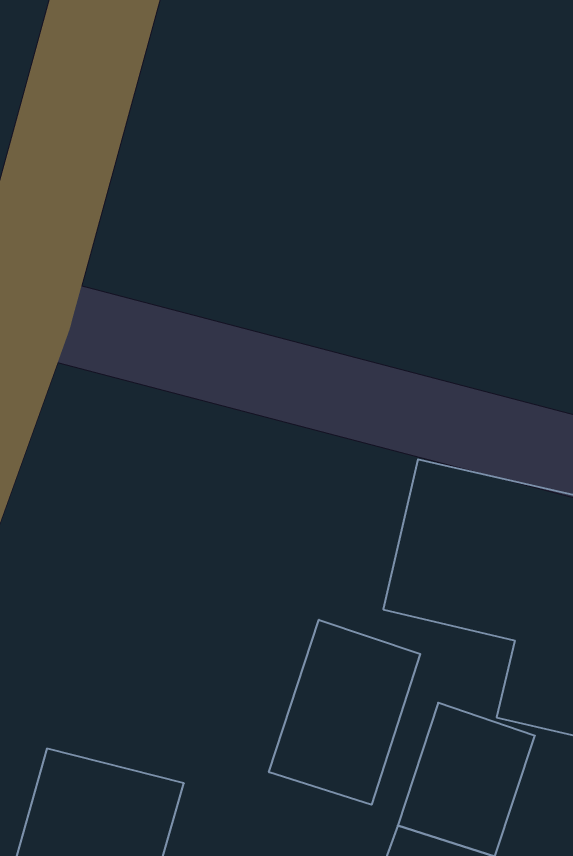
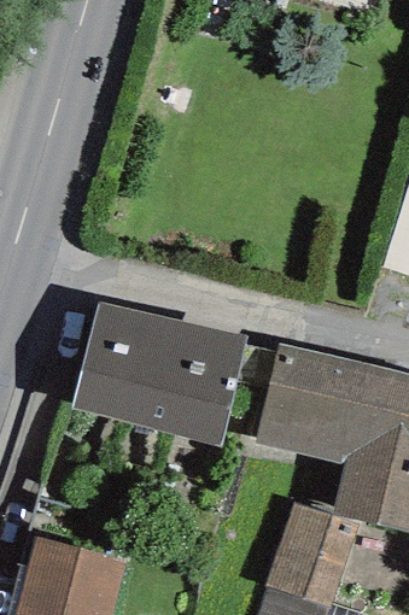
building: none -> [74,304,246,446]
building: [269,620,420,805] -> none

